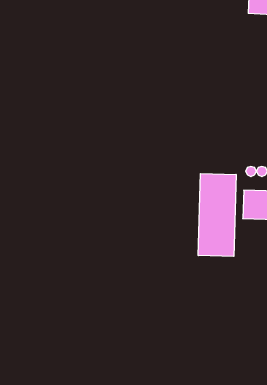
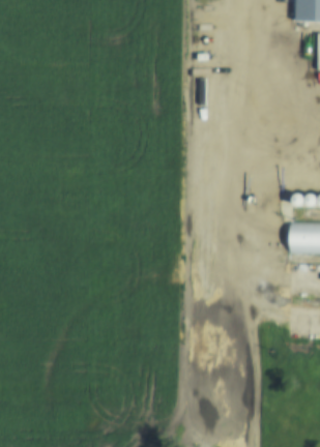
building: [198,174,236,256] -> none

